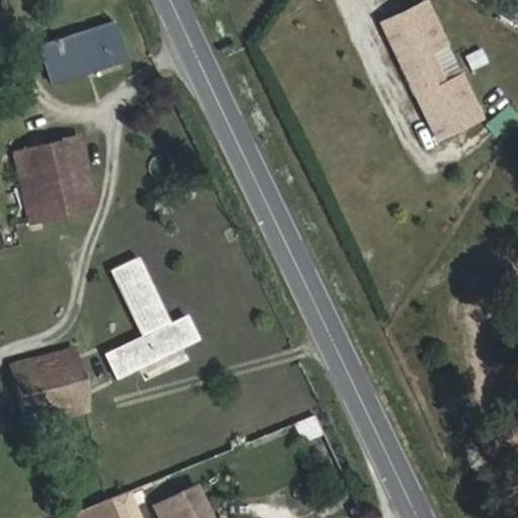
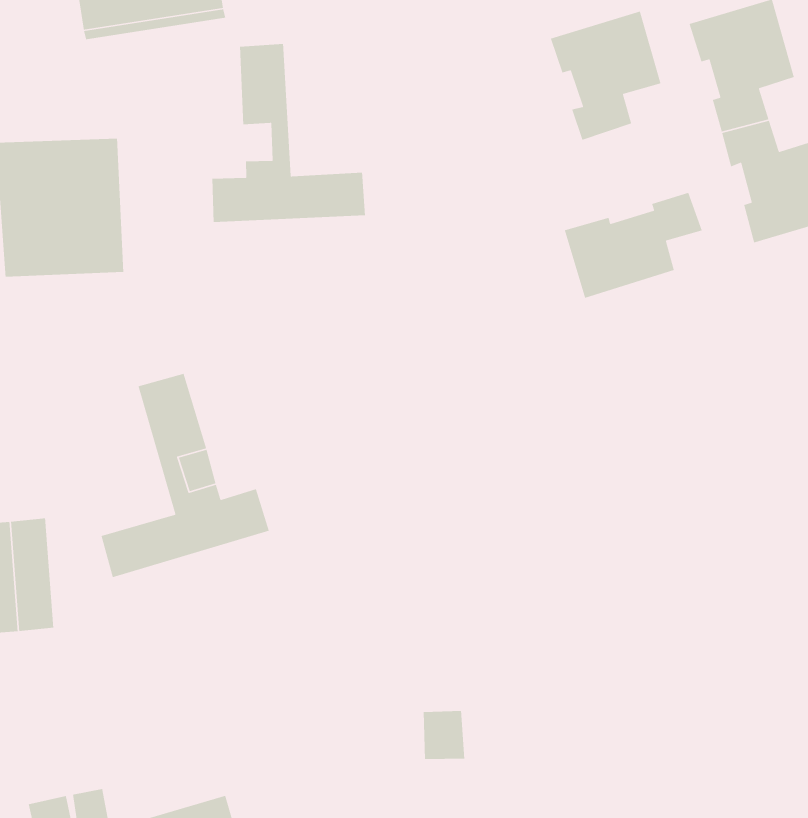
building: none -> [550,10,661,141]
building: none -> [211,43,366,223]
building: none -> [564,192,703,299]

